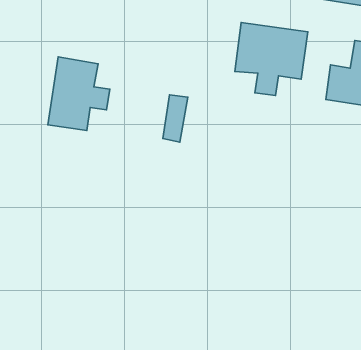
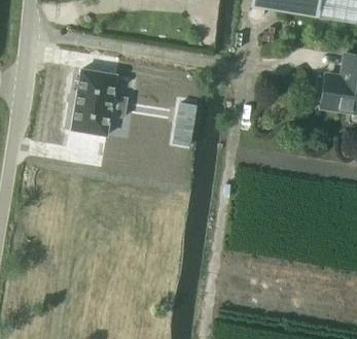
building: [235,22,308,95] -> none

